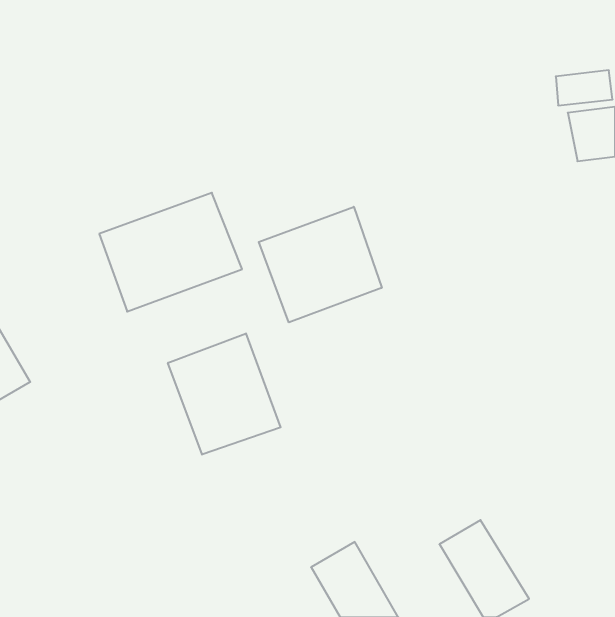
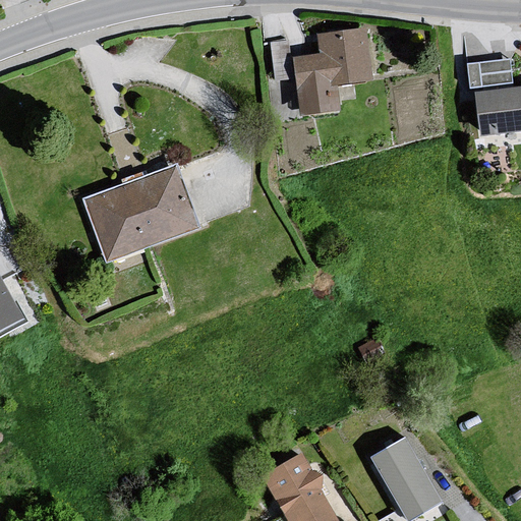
building: none -> [293,31,370,112]
building: [259,207,382,322] -> none
building: [168,333,281,455] -> none

